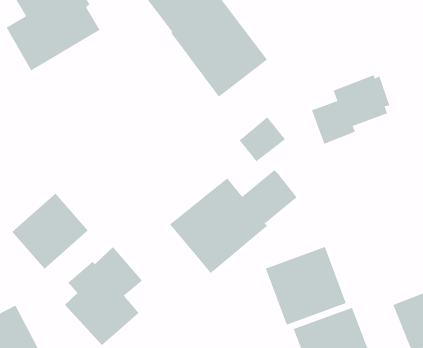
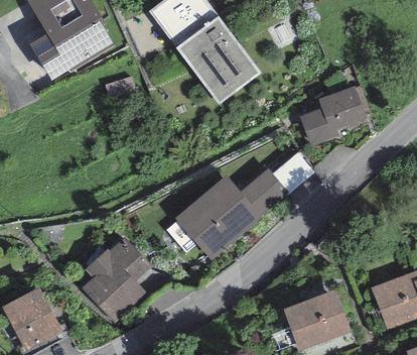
building: [239,116,286,162] -> [272,152,313,193]
building: [12,193,89,270] -> none
building: [265,246,347,325] -> none

